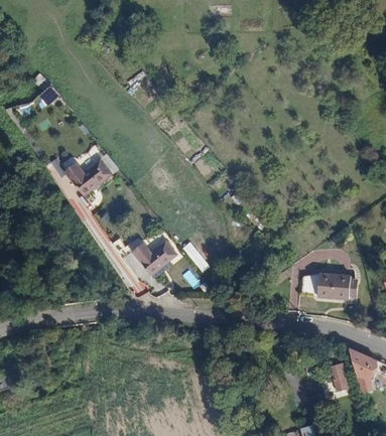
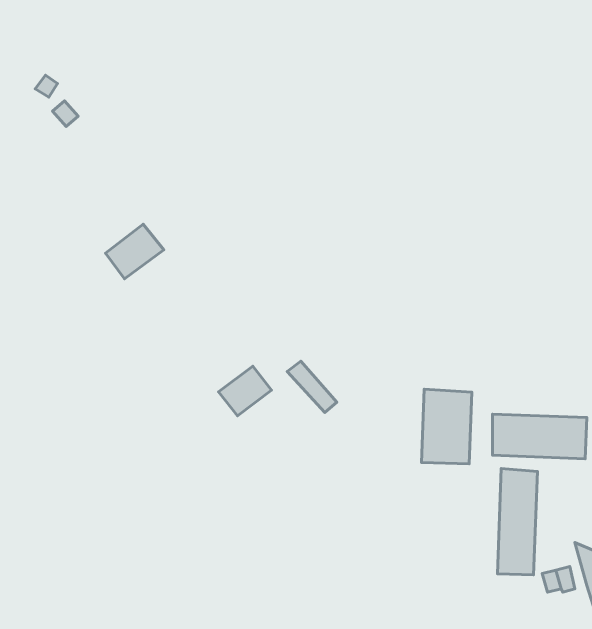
building: none -> [421,389,472,464]
building: none -> [497,469,537,575]

